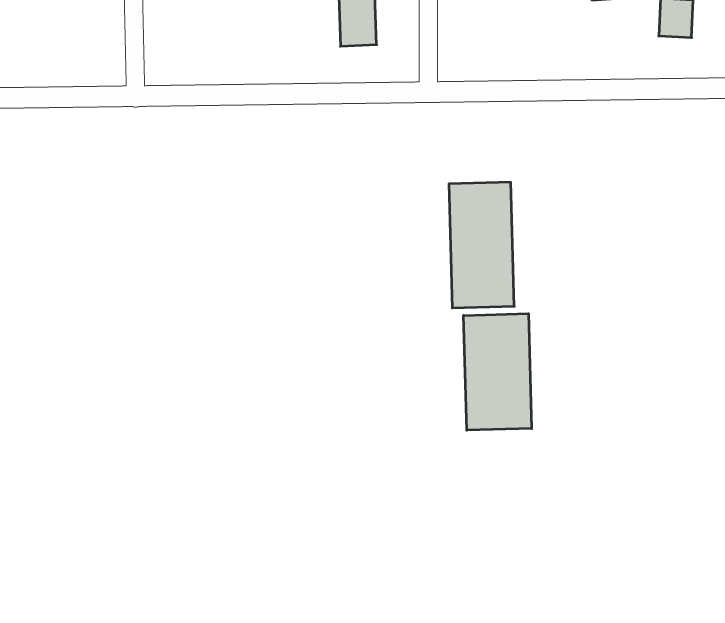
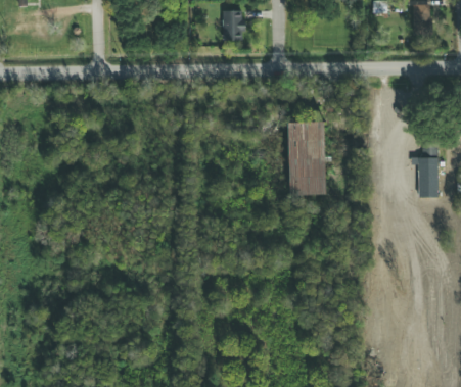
building: none -> [417,147,437,198]
building: [464,314,532,430] -> none

